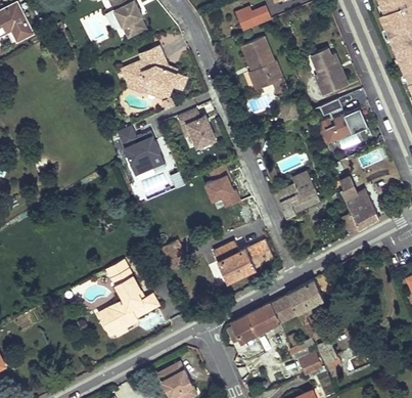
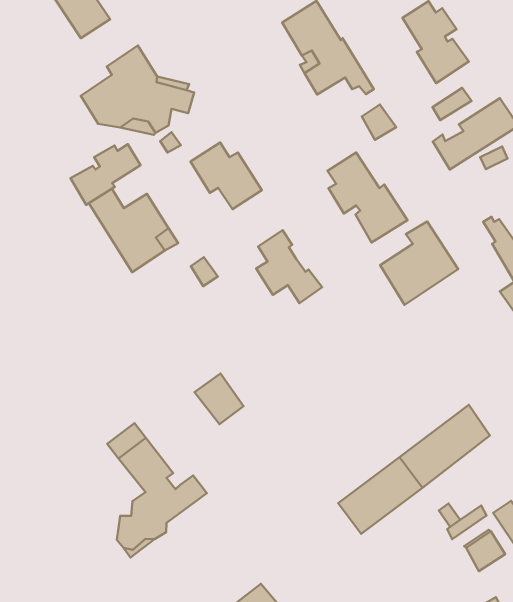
building: none -> [71,144,141,205]
building: none -> [328,153,407,242]
building: [212,240,273,282] -> none

